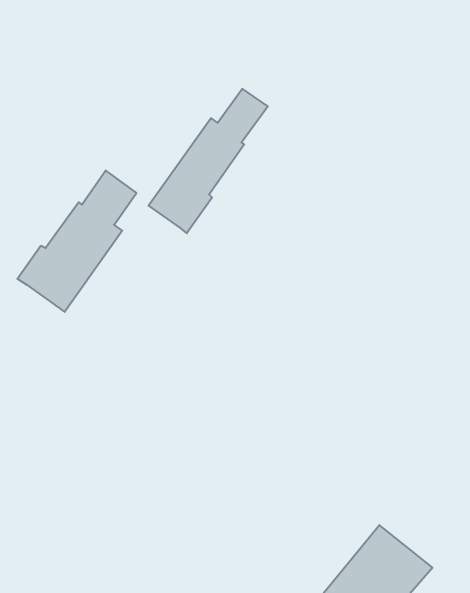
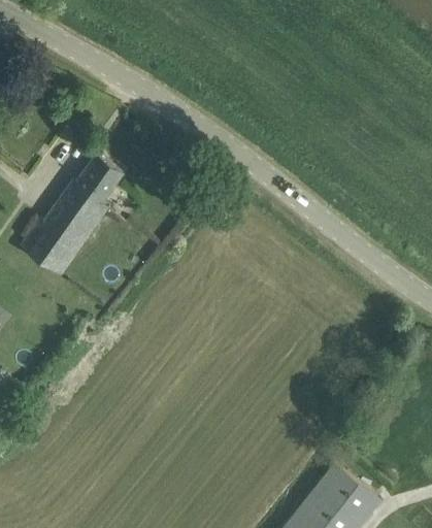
building: [149,89,268,233] -> none

